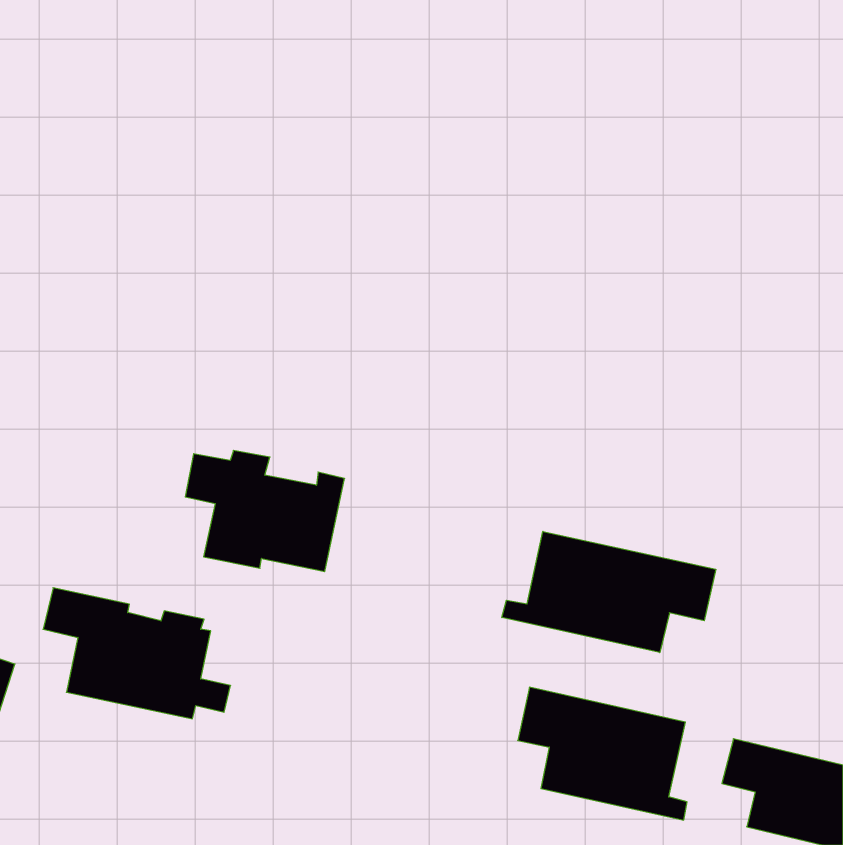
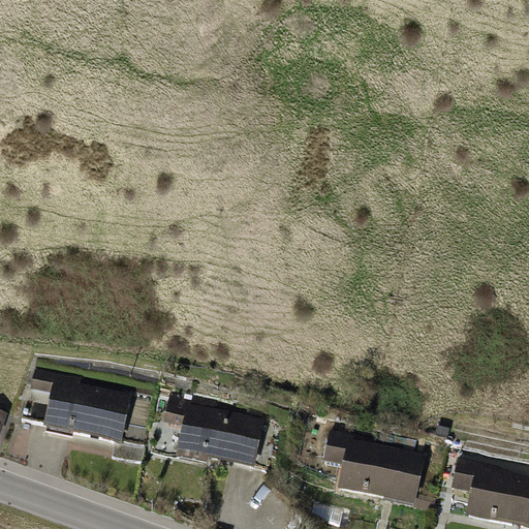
building: [185,450,345,572] -> [163,395,262,470]
building: [502,531,716,653] -> none

